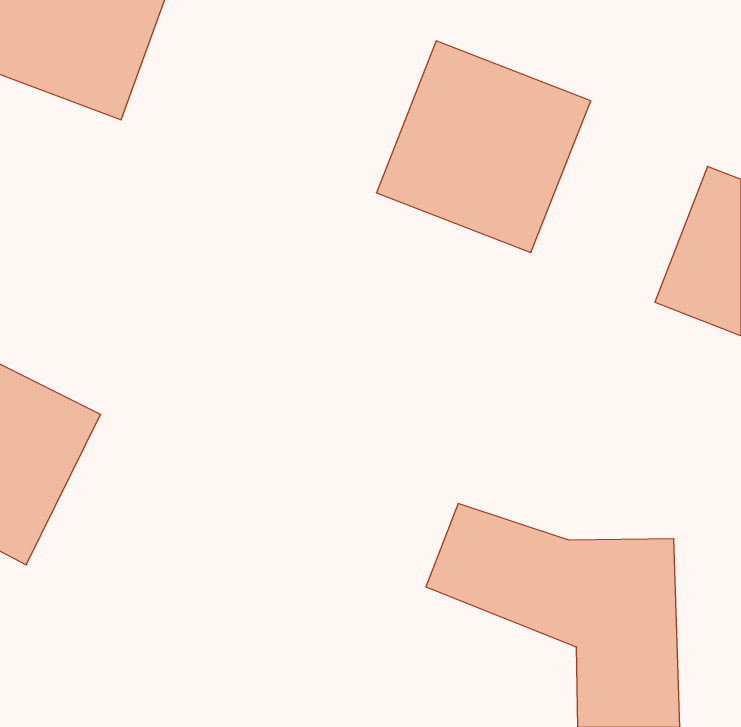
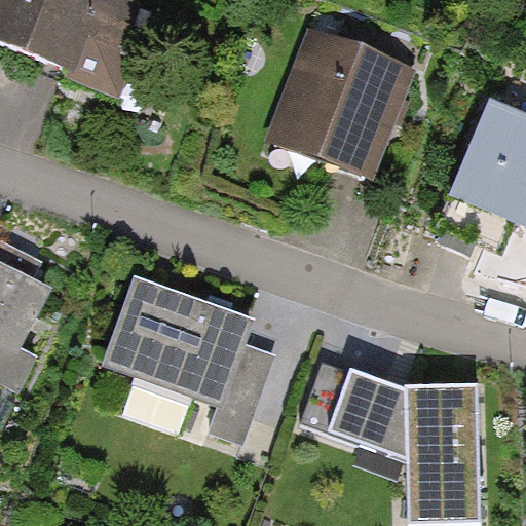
building: none -> [113,284,277,444]

